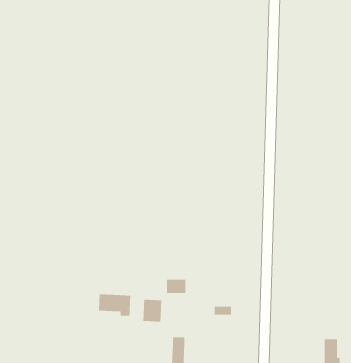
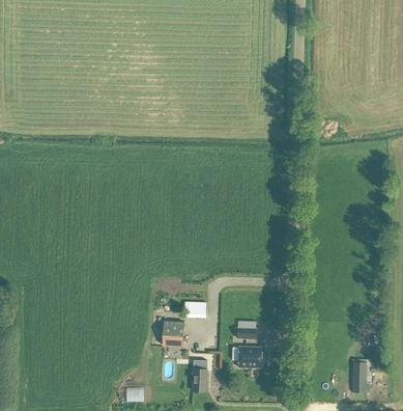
building: [98,294,131,316] -> none
building: none -> [232,347,268,367]

